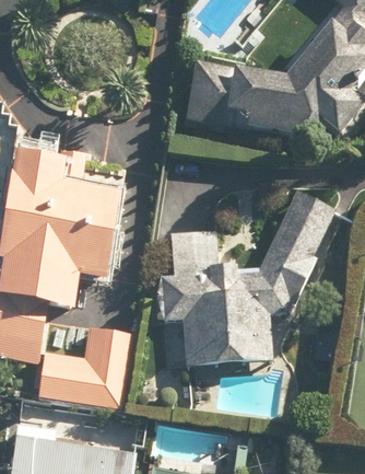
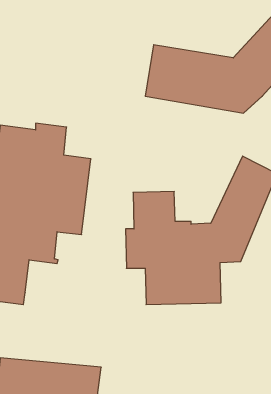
building: [37,325,127,409] -> none

